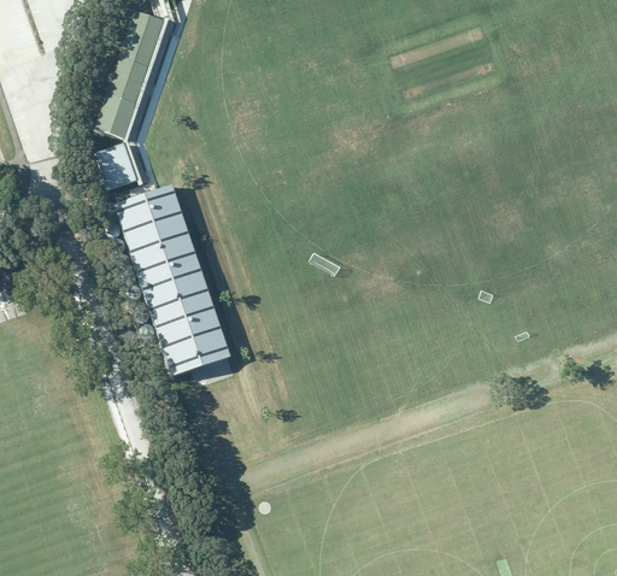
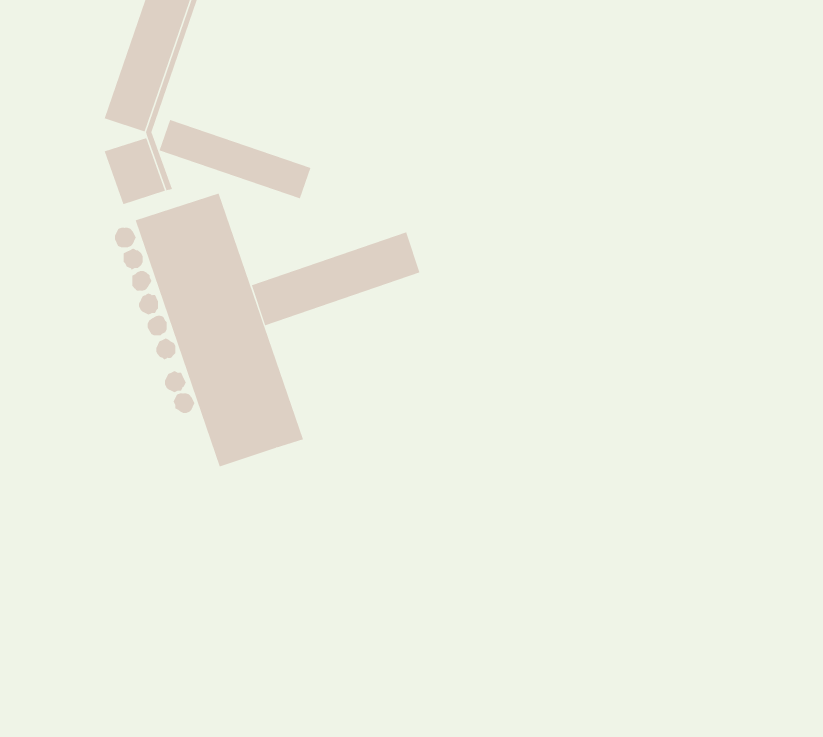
building: none -> [159,119,311,199]
building: none -> [251,231,420,326]

